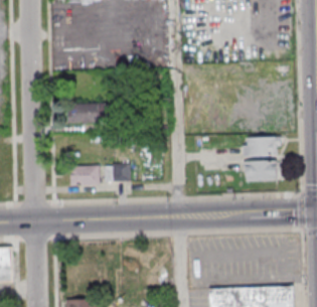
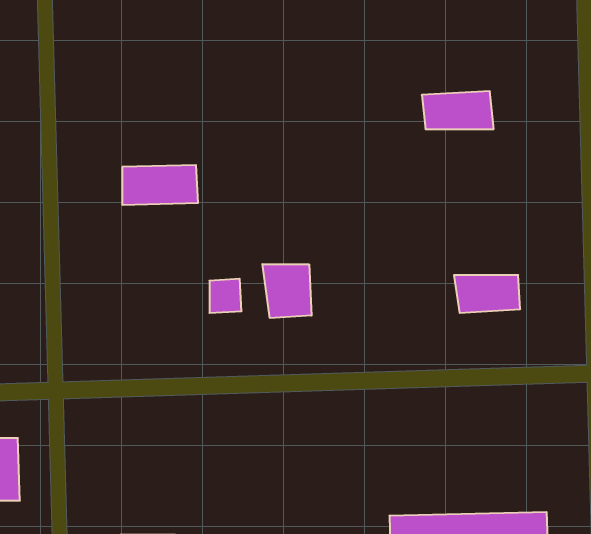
building: [242,136,280,156] -> [422,91,494,129]
building: none -> [262,264,312,318]
building: [68,165,99,186] -> none

